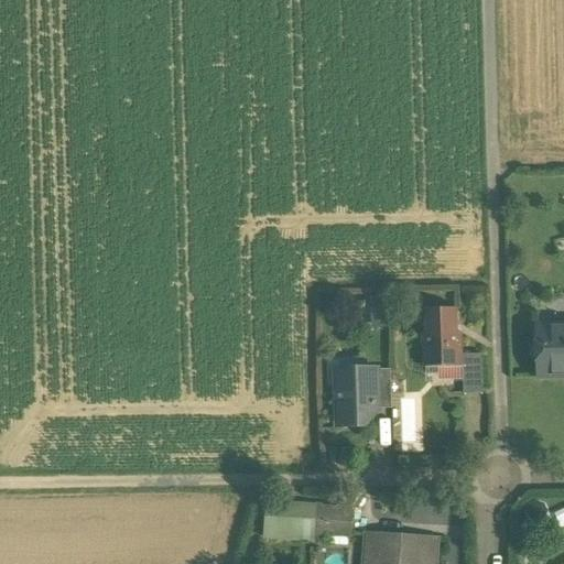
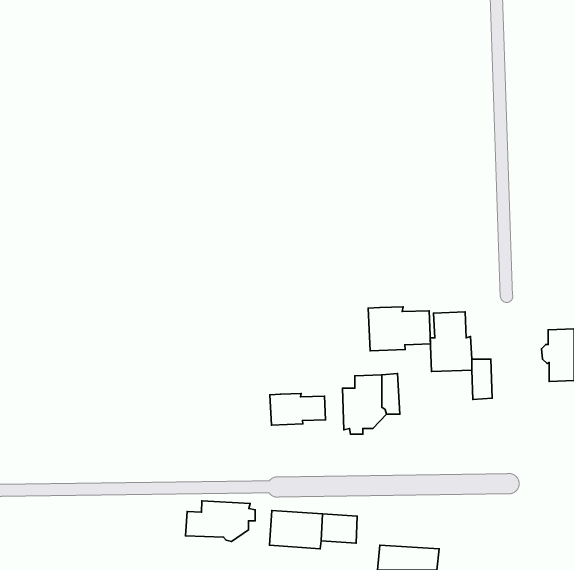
building: none -> [368,307,430,351]
building: none -> [270,393,326,425]
building: none -> [186,501,255,541]

